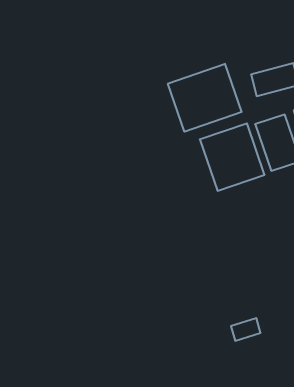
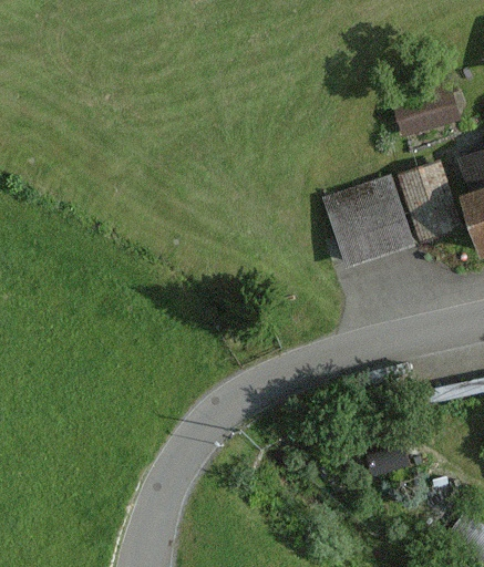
building: [168,64,242,132] -> none

